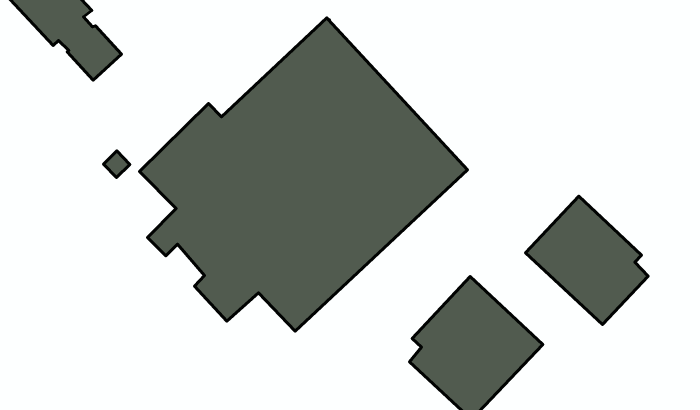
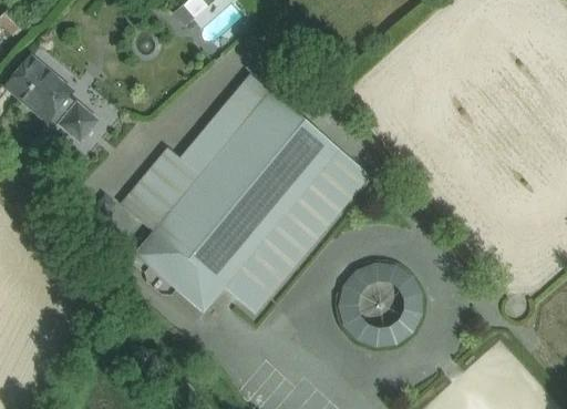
building: [526,196,648,324] -> none

